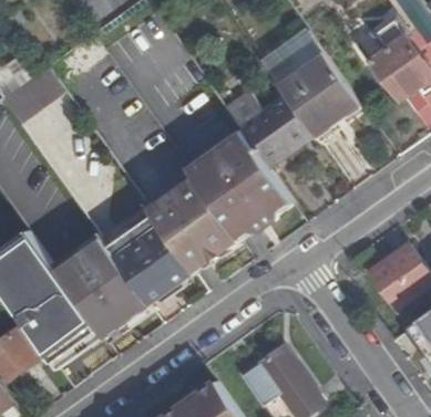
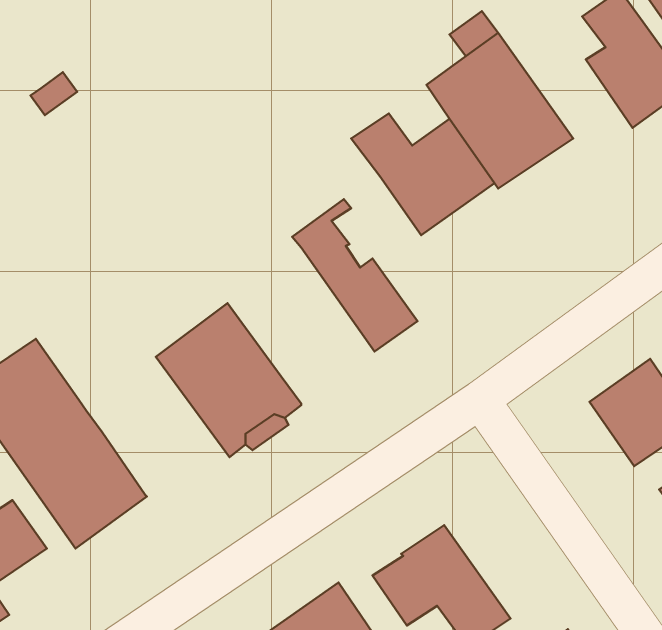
building: [211,131,291,220] -> none
building: [146,175,237,271] -> none
building: [54,237,147,336] -> none

